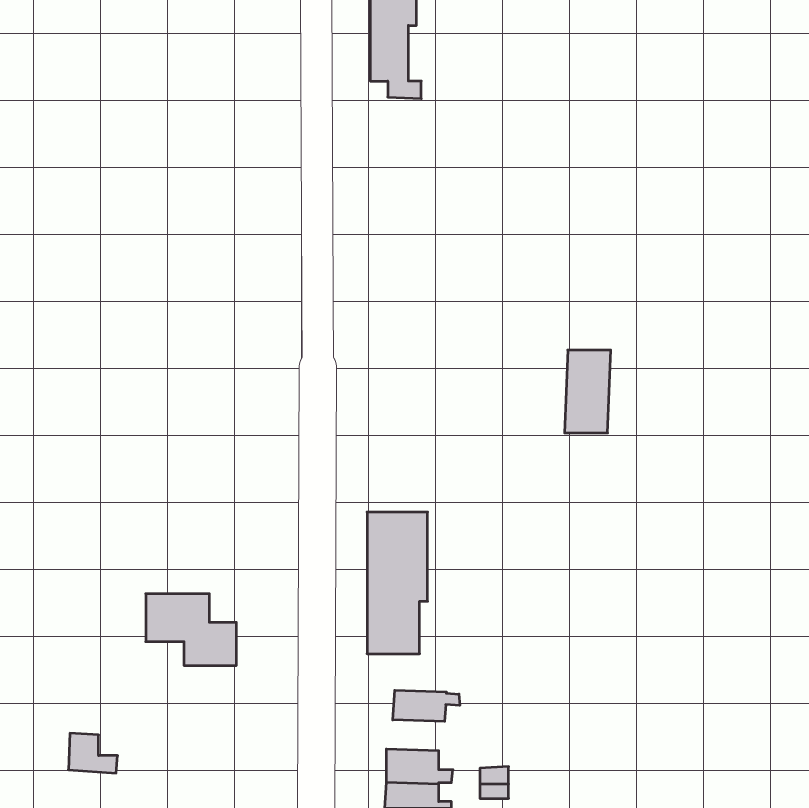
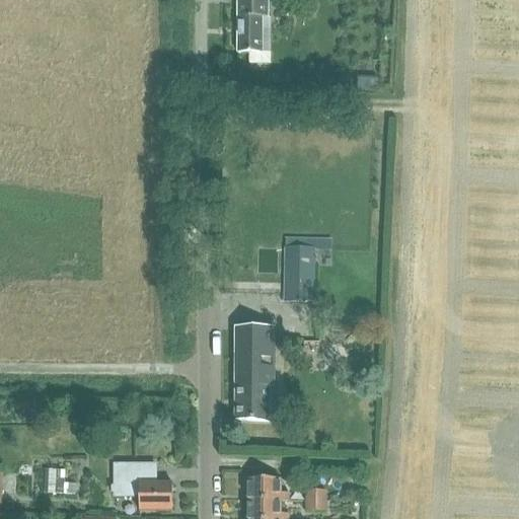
building: [565,350,611,433] -> [285,246,314,299]
building: [146,594,236,665] -> [114,463,171,509]
building: [393,690,460,721] -> none

